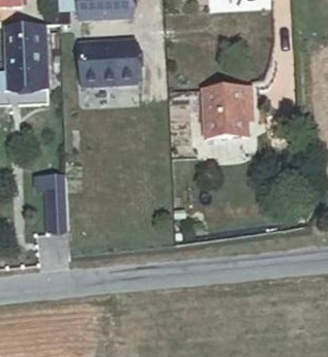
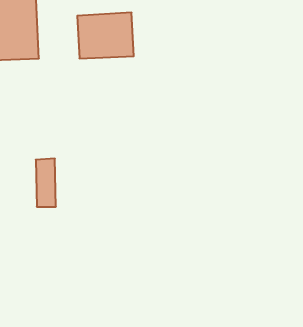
building: [207,92,257,141] -> none

